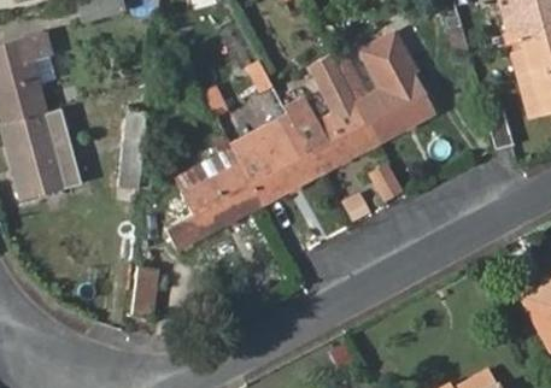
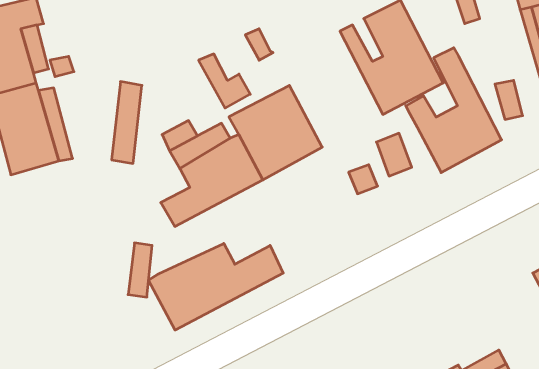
building: [286,54,377,174] -> [406,48,502,173]
building: none -> [149,243,283,330]

